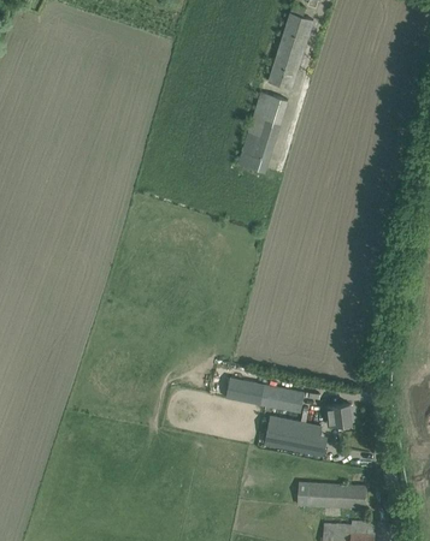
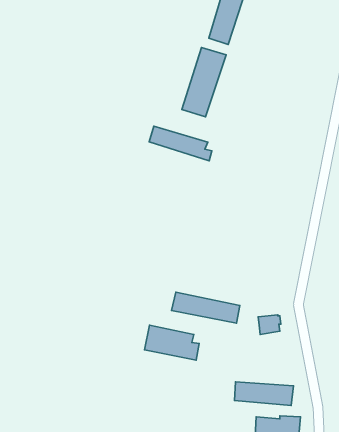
building: none -> [149,126,212,161]
building: [263,415,326,456] -> [144,325,199,360]

